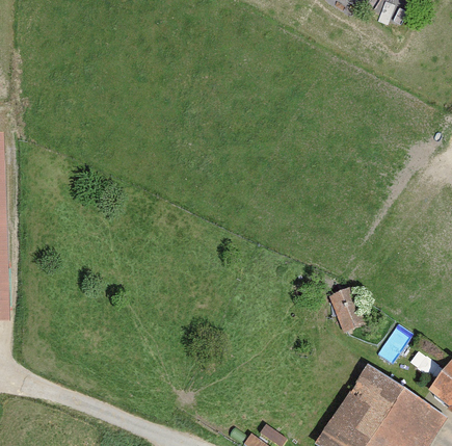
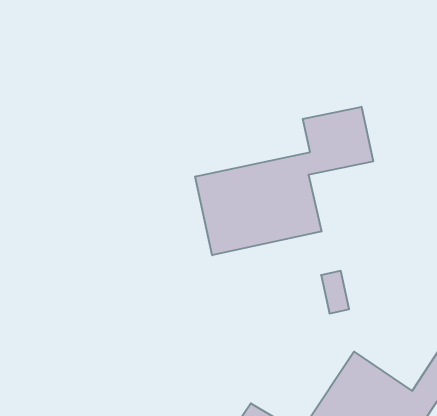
building: none -> [195,107,373,255]

